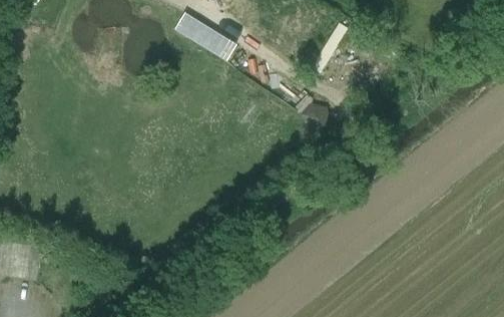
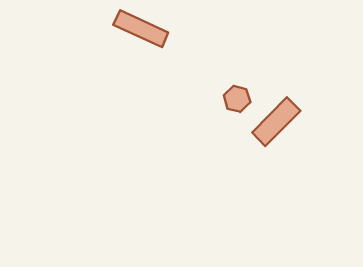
building: none -> [252,97,301,146]

